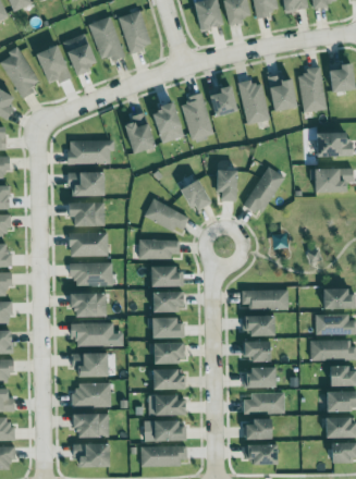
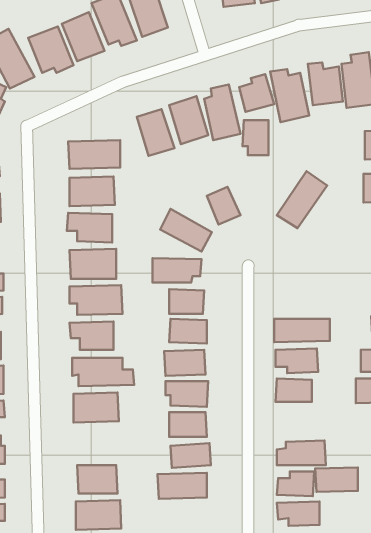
building: [217,170,238,199] -> [243,120,268,155]
building: [242,368,278,389] -> [315,467,358,492]
building: [71,383,110,408] -> none
building: [139,446,186,466] -> none

